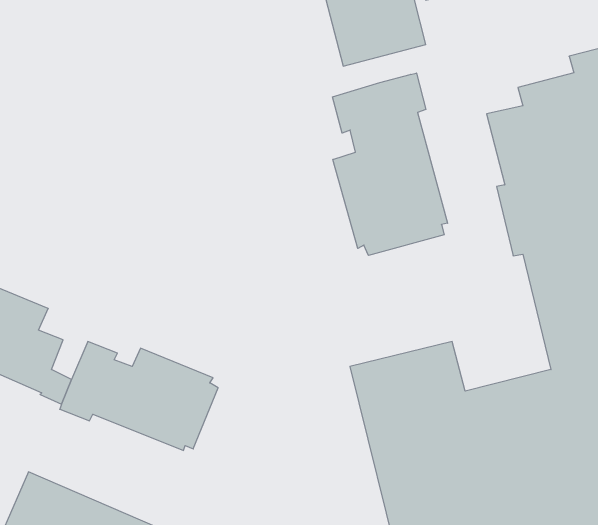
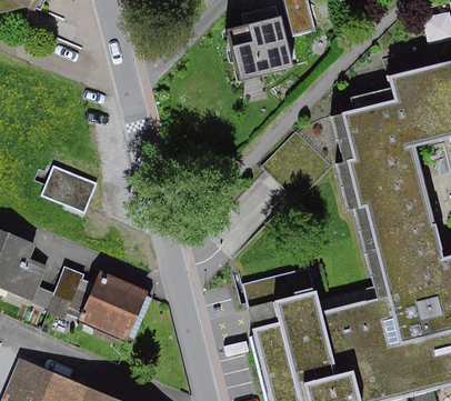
building: [333,73,448,255] -> none
building: none -> [39,167,96,215]

